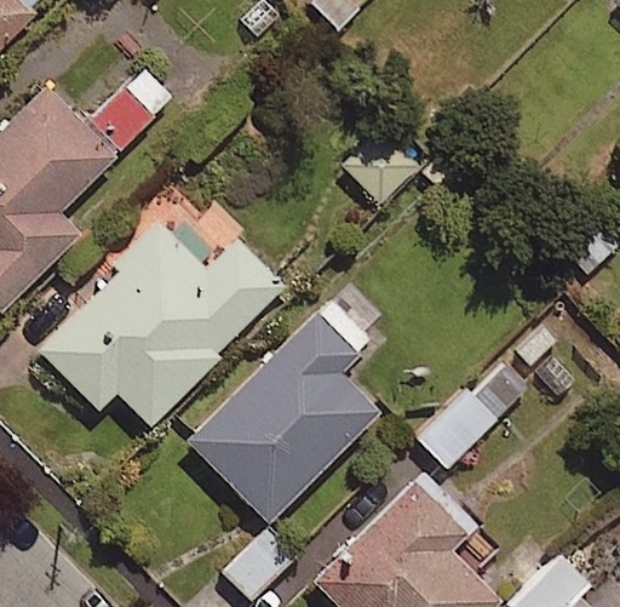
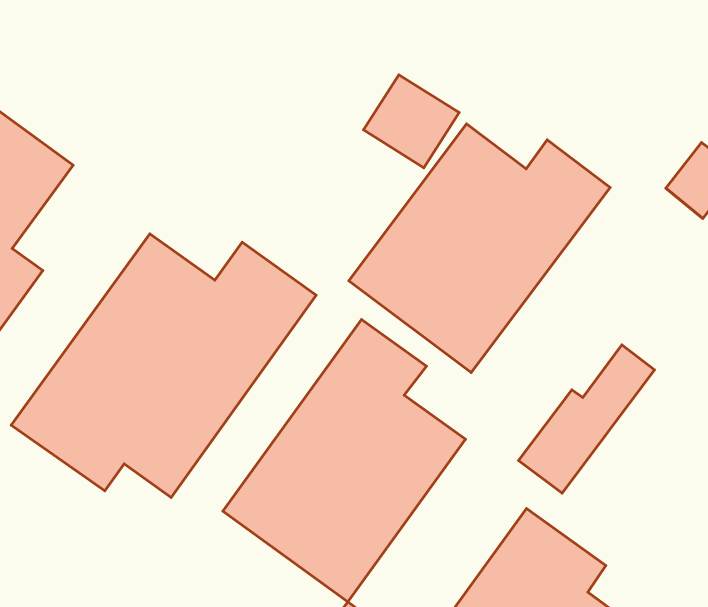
building: none -> [349,124,610,372]

